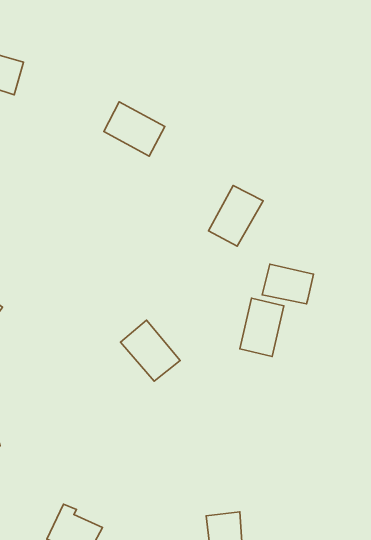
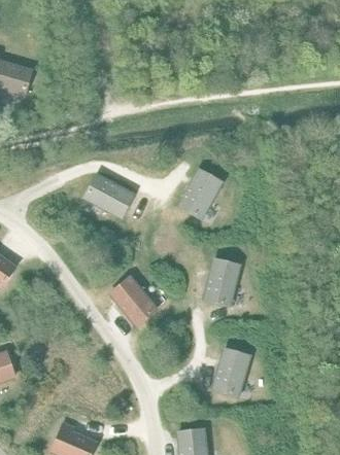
building: [104,102,165,156] -> [84,174,133,217]
building: [262,264,314,304] -> none
building: none -> [213,348,249,394]

